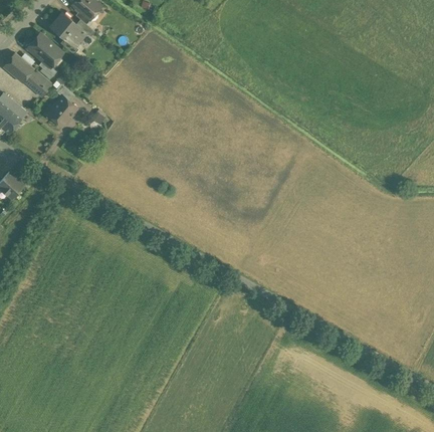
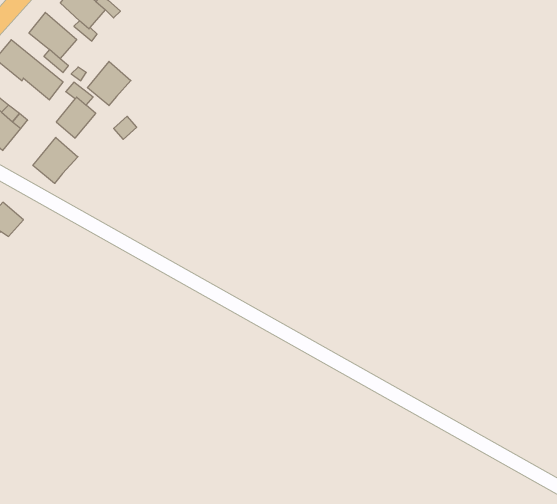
building: none -> [87,61,131,106]
building: none -> [33,137,78,183]

